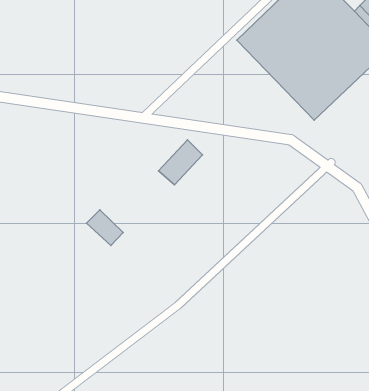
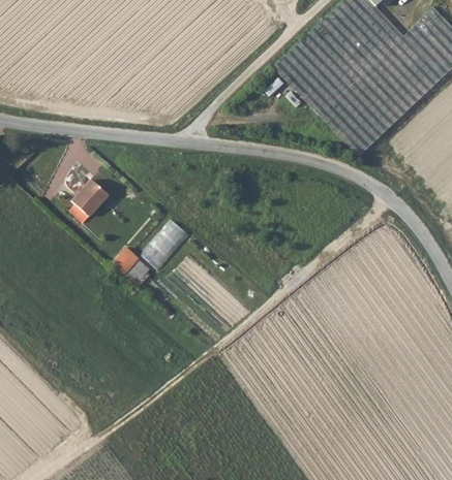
building: [159,140,202,185] -> [139,223,187,273]
building: none -> [64,183,98,218]

